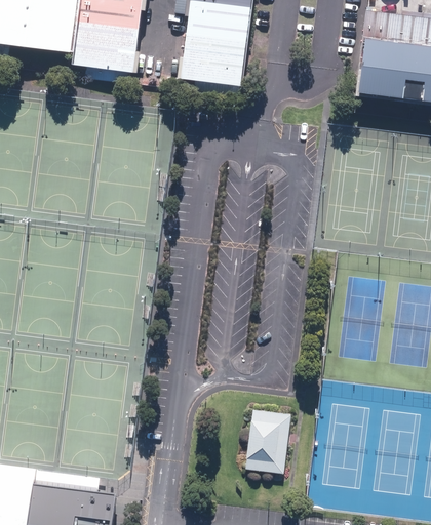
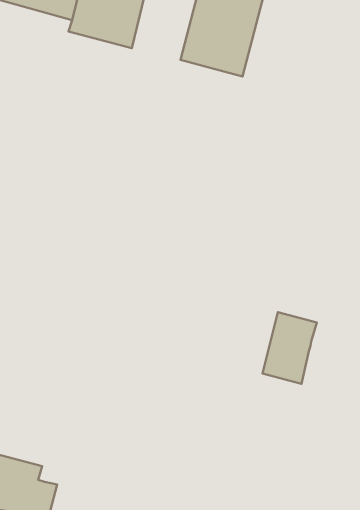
building: [245,409,290,474] -> [262,312,317,384]

